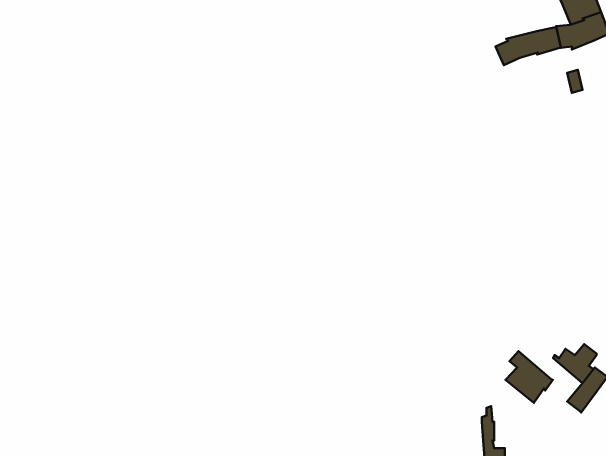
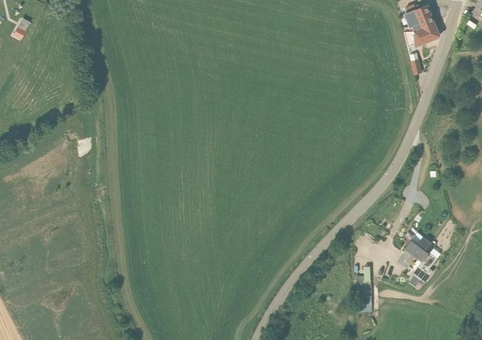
building: [496,27,561,65] -> none
building: [506,351,553,403] -> none

